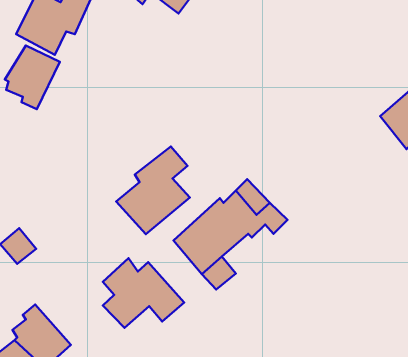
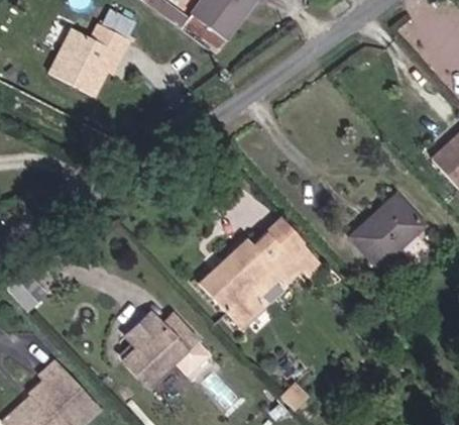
building: [5,45,60,109] -> none
building: none -> [344,188,419,260]
building: [116,146,190,234] -> none

